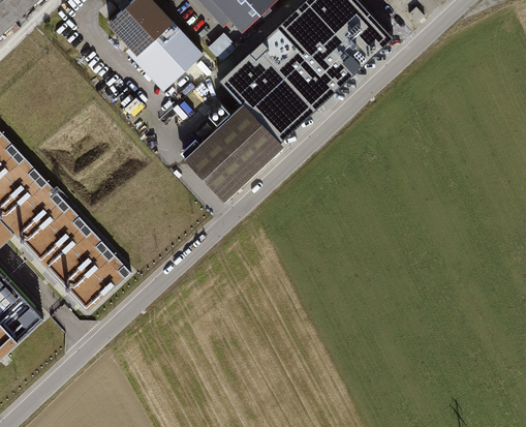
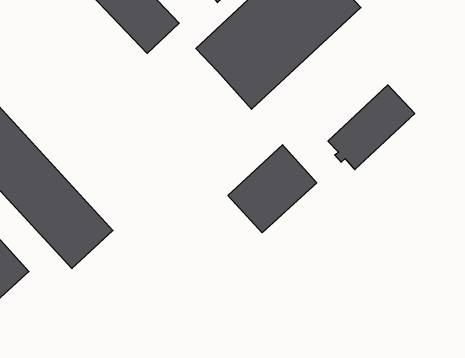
building: [184,104,278,197] -> [228,145,317,233]
building: none -> [328,85,415,170]

